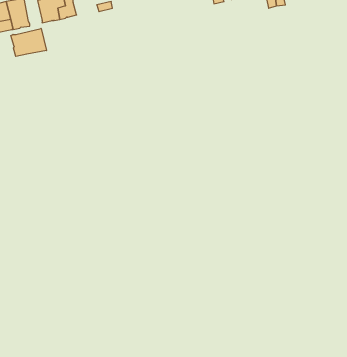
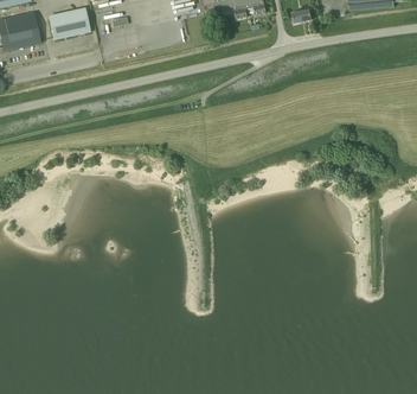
building: [11,28,46,56] -> none

